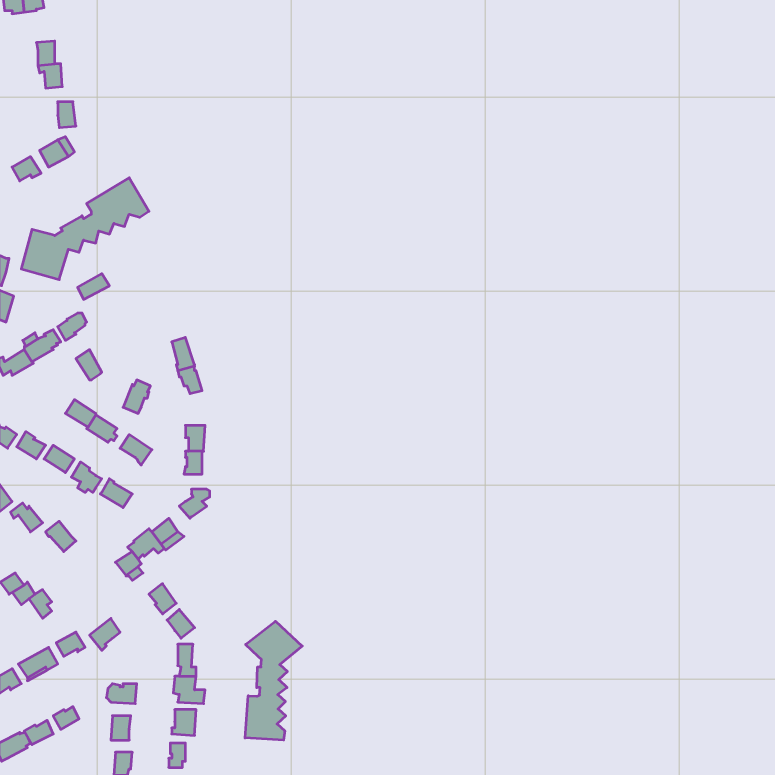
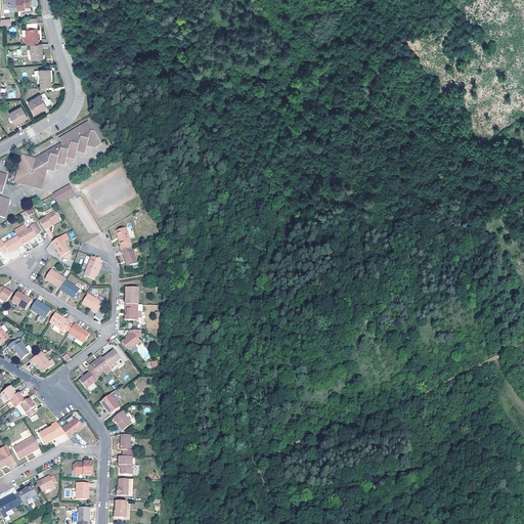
building: [245,621,302,740] -> none

